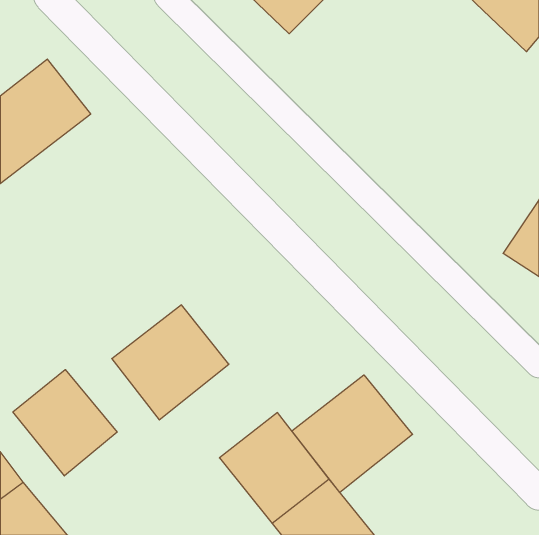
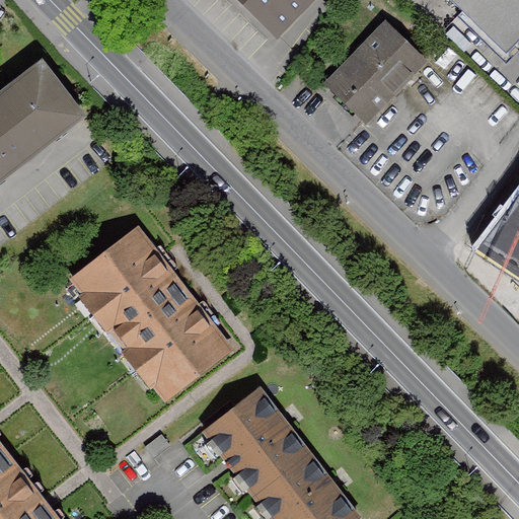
building: none -> [331,26,425,120]
building: none -> [63,235,174,345]
building: [13,370,117,476] -> none
building: [292,375,413,492] -> none

